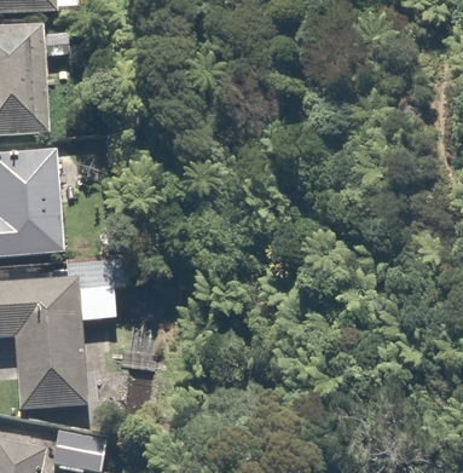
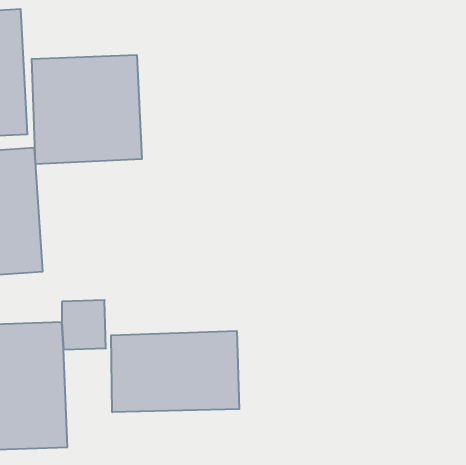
building: none -> [32,55,142,164]
building: none -> [111,331,239,412]

